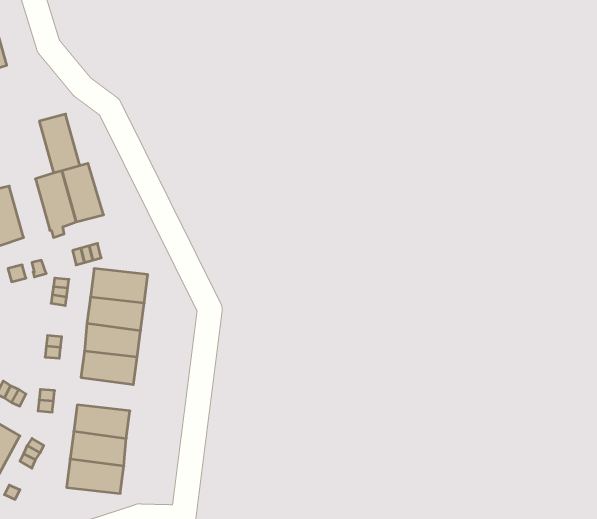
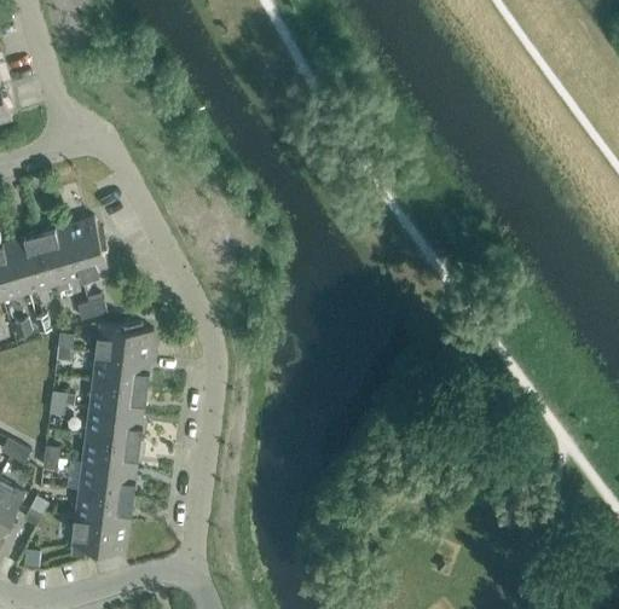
building: [39,114,80,173] -> [13,233,54,292]
building: none -> [82,434,139,468]

